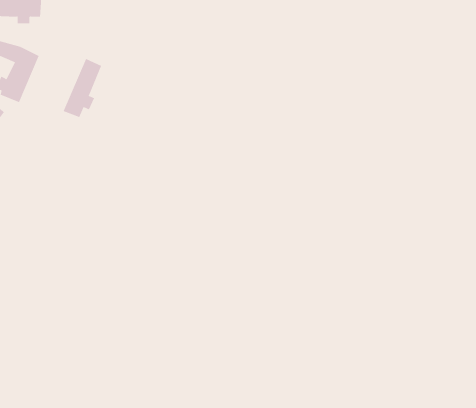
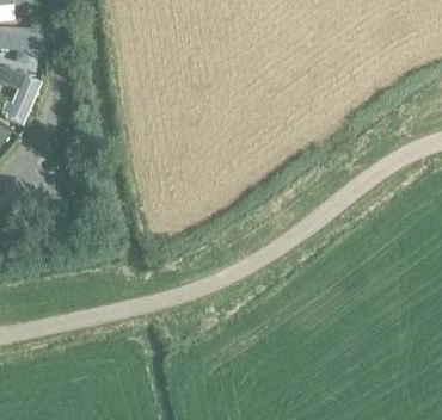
building: [63,58,102,118] -> none

